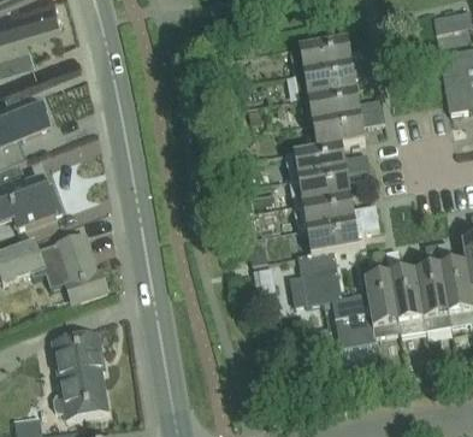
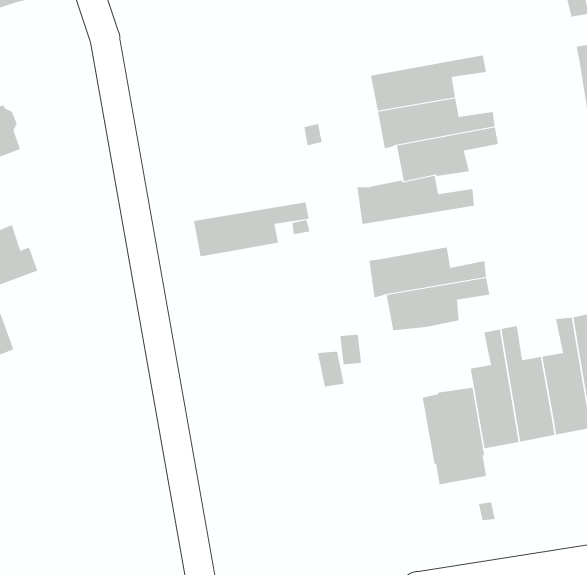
building: [290,35,374,71] -> none
building: [289,163,371,201] -> [193,202,310,257]
building: [46,231,108,300] -> none
building: [297,248,342,301] -> none
building: [53,331,108,415] -> none

